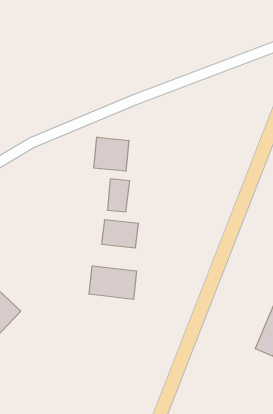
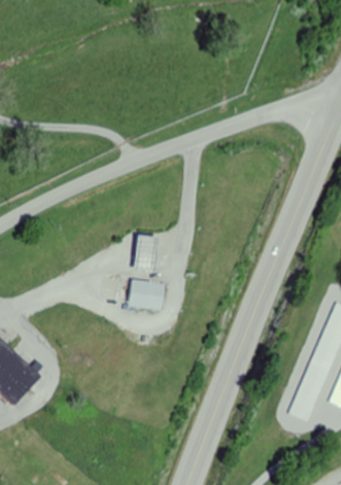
building: [94,137,129,171] -> none
building: [89,266,136,299] -> none

